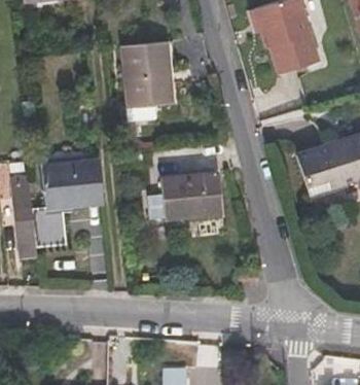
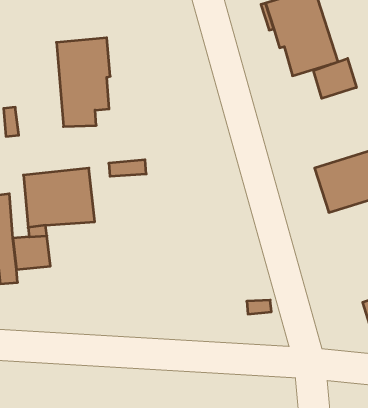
building: [122,40,170,118] -> [56,38,110,127]
building: none -> [313,58,356,98]
building: [161,171,221,214] -> none

